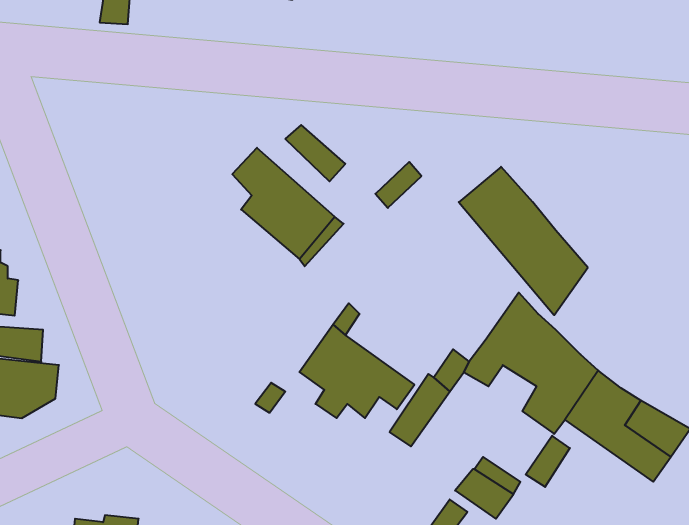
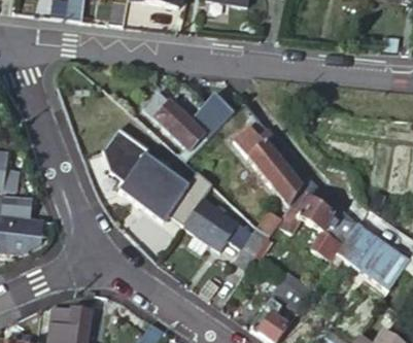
building: [459,167,588,315] -> [235,118,310,205]
building: none -> [106,122,194,206]

